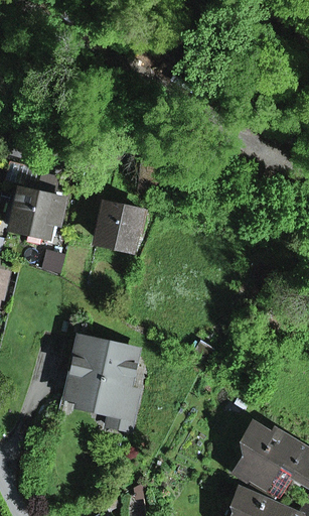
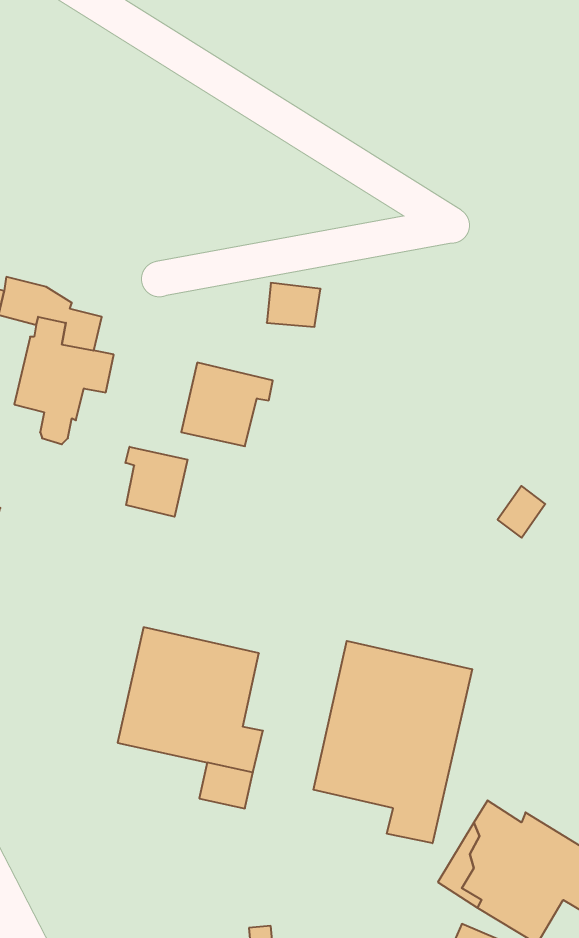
building: none -> [125,447,188,517]
building: none -> [313,641,472,843]

